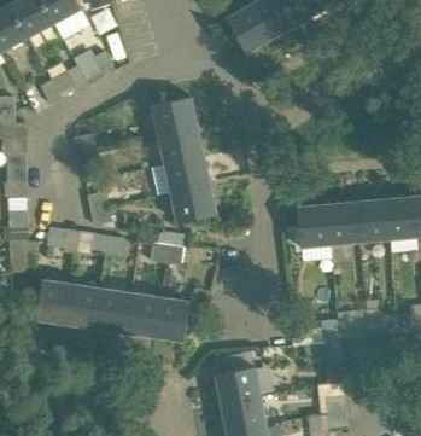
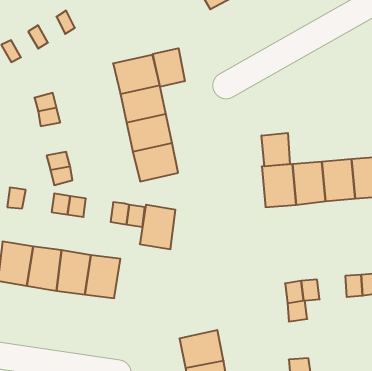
building: none -> [153,48,185,87]
building: none -> [262,133,290,166]
building: [152,297,187,341] -> [140,205,175,249]

